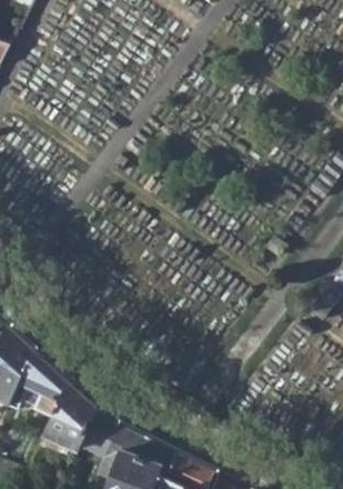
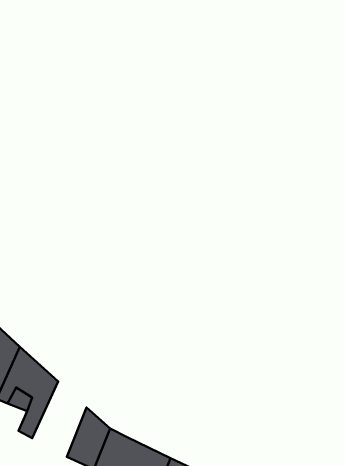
building: [36,380,85,448] -> none

